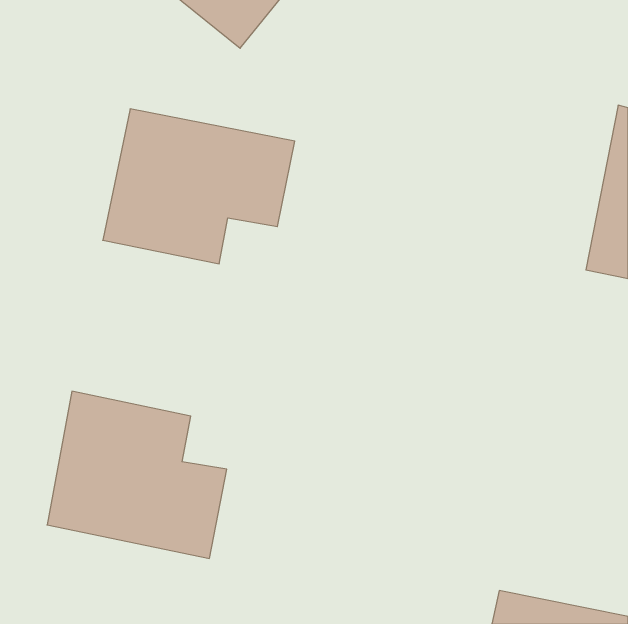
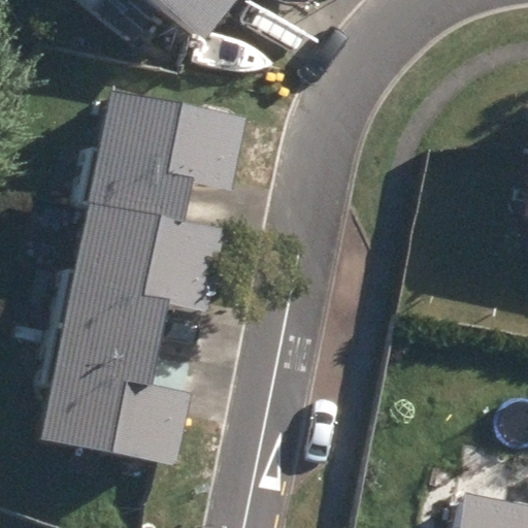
building: none -> [60,200,223,346]

